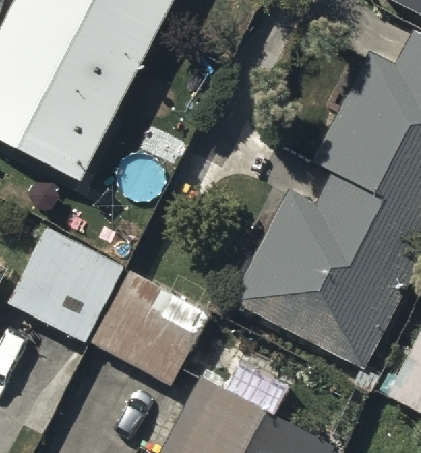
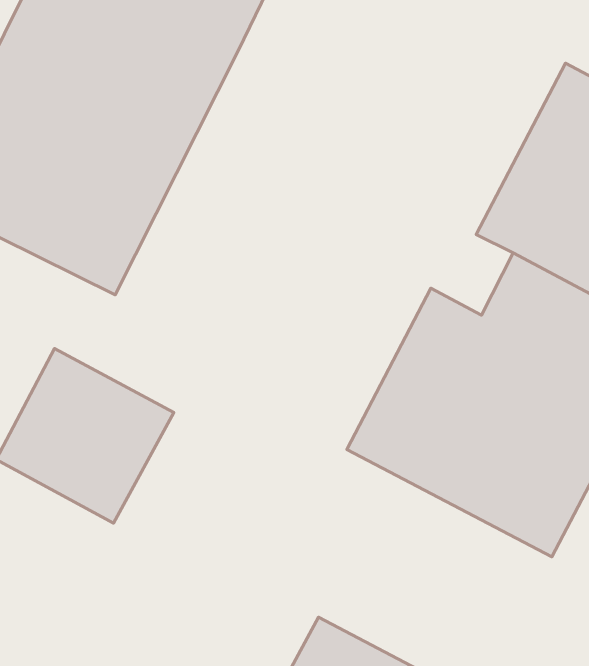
building: [95,268,204,374] -> none

